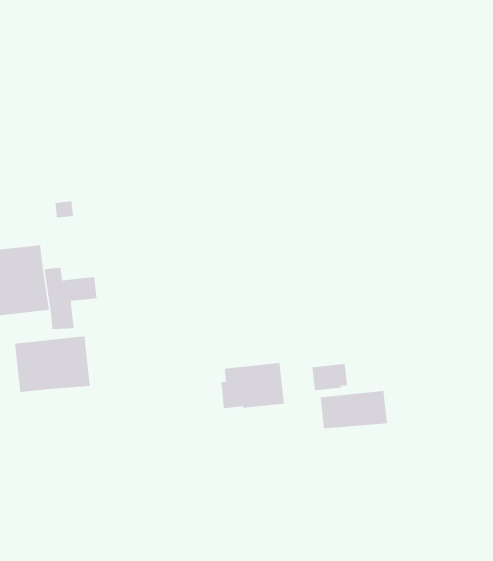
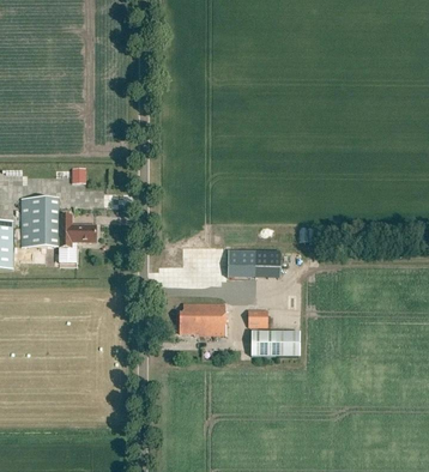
building: none -> [225,249,279,278]
building: [14,336,91,393] -> none

